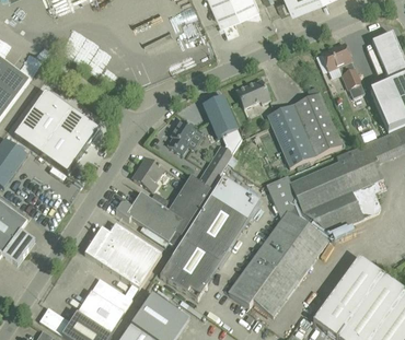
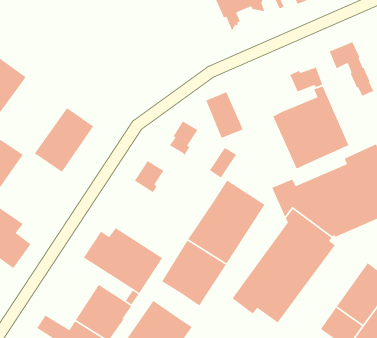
building: [236,81,269,106] -> [289,67,323,93]
building: [11,87,69,151] -> none
building: [116,174,211,243] -> none

